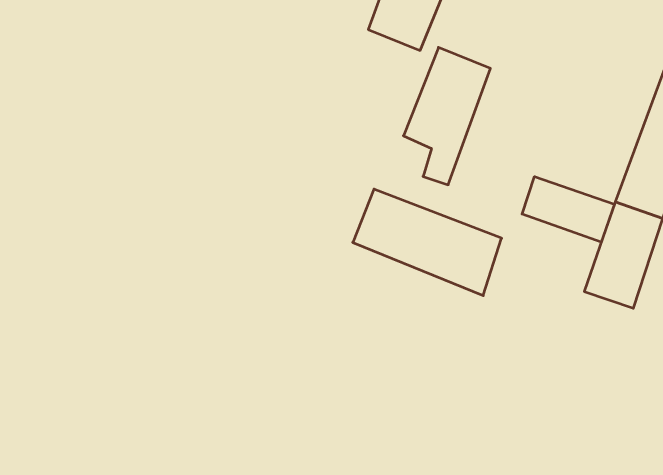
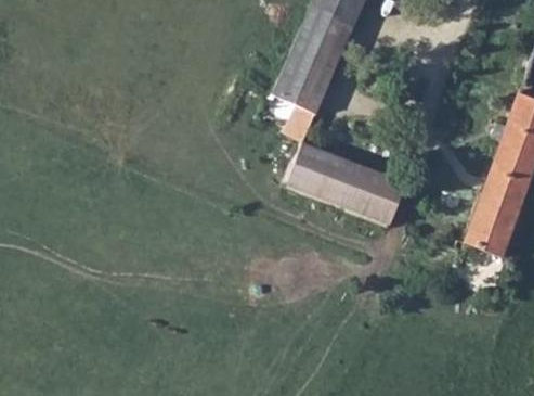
building: [403,47,490,185] -> [277,26,344,132]
building: [522,177,614,242] -> none

